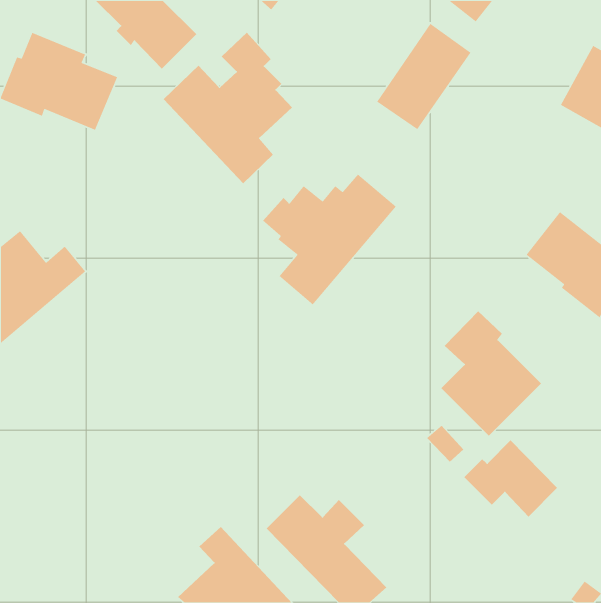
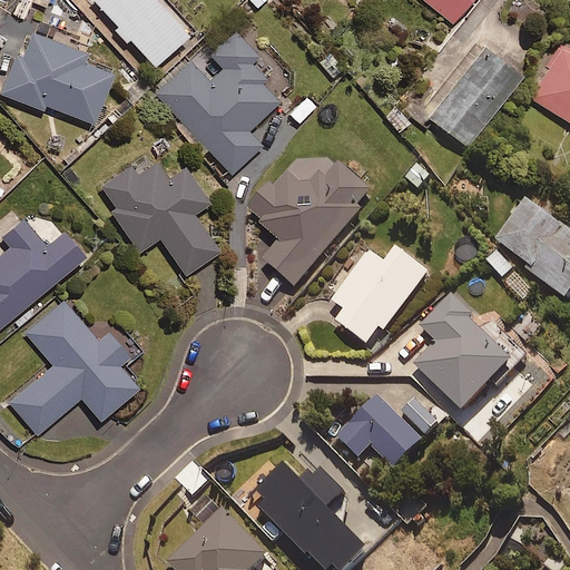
building: [376,23,472,130] -> [428,43,518,145]
building: none -> [102,160,218,274]
building: none -> [334,247,431,346]
building: none -> [10,299,138,434]
building: [463,439,558,517] -> [334,396,423,470]

